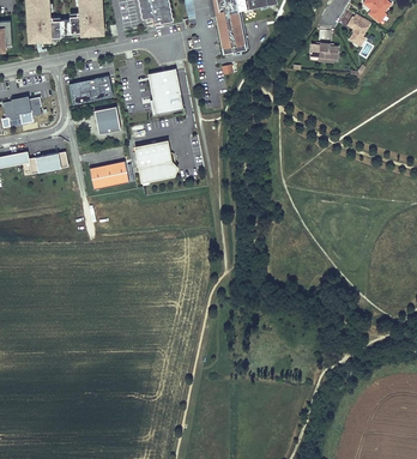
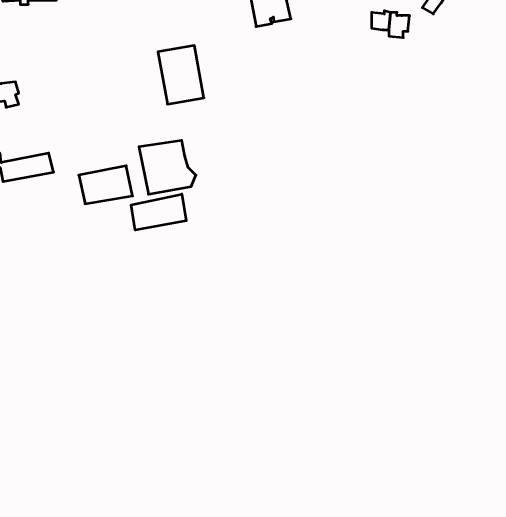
building: [68,77,111,104] -> none
building: [92,107,120,134] -> none
building: none -> [131,194,186,230]

